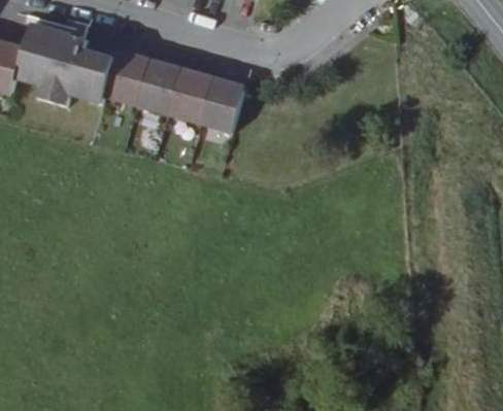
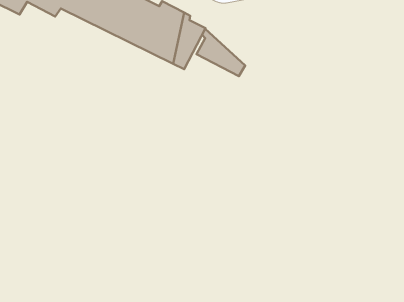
building: none -> [197,29,245,76]

